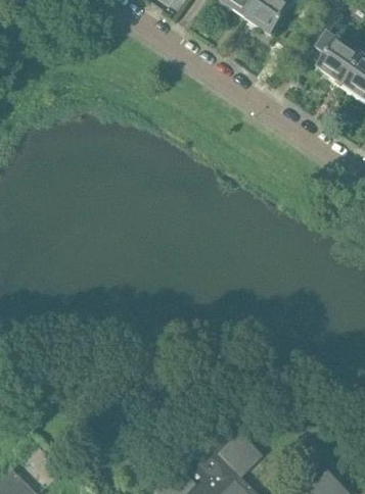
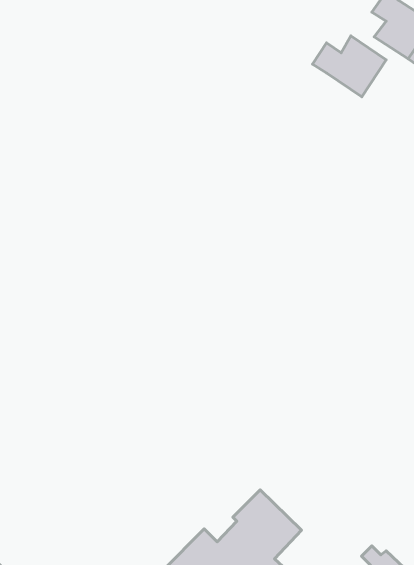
building: none -> [313,36,386,97]

